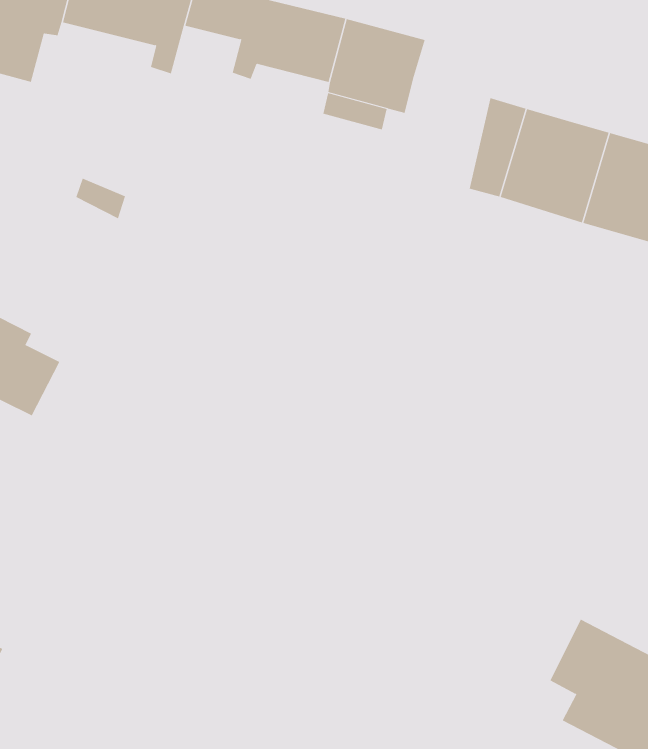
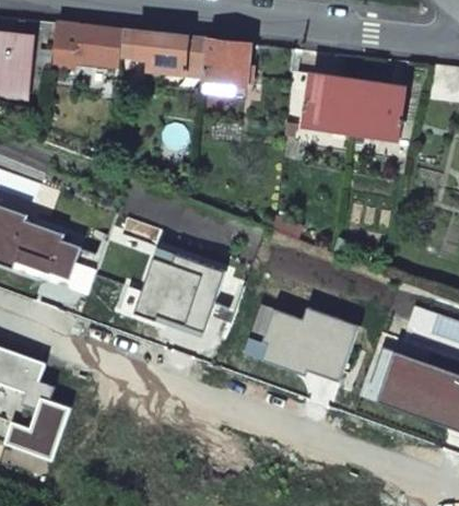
building: none -> [132,255,223,331]
building: none -> [261,308,357,381]

